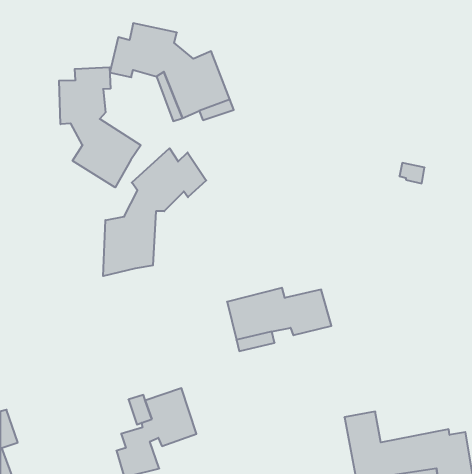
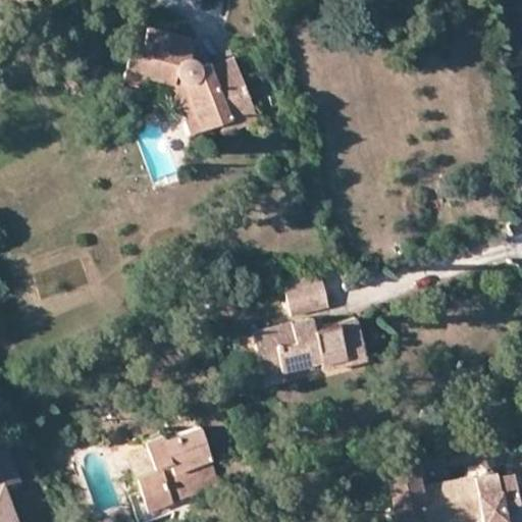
building: [59,67,141,187] -> none
building: [103,148,206,276] -> none
building: none -> [286,276,330,317]

